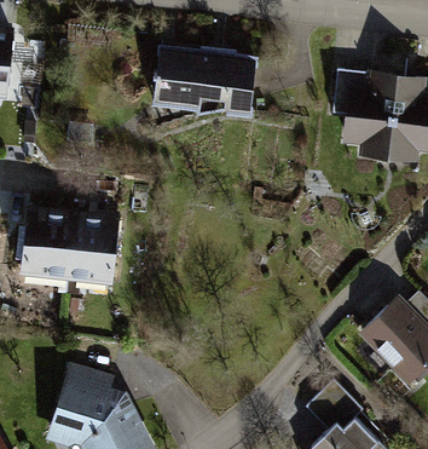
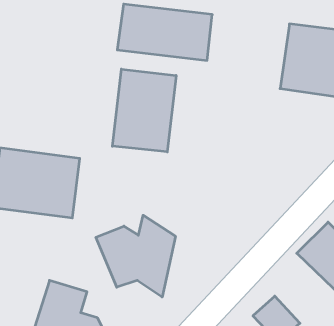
building: none -> [112,69,176,152]
building: none -> [96,215,175,297]

